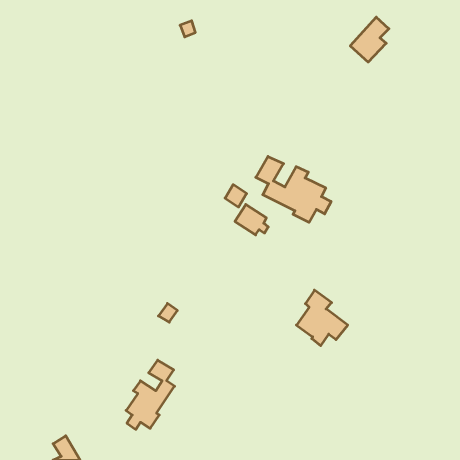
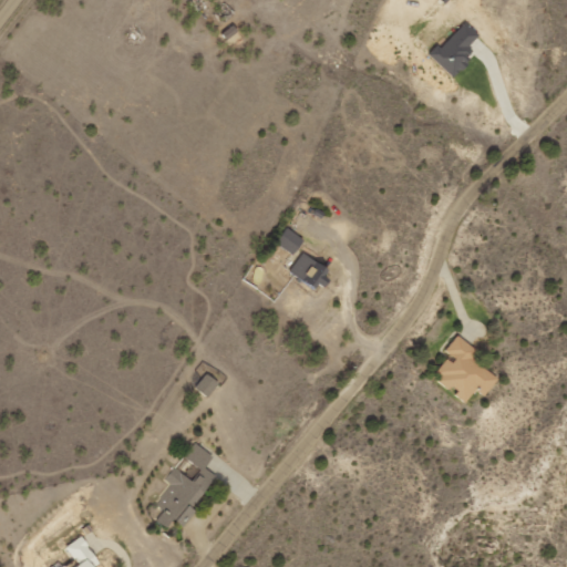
building: [256,156,331,222] -> none
building: [296,290,348,346] -> [434,334,497,403]

